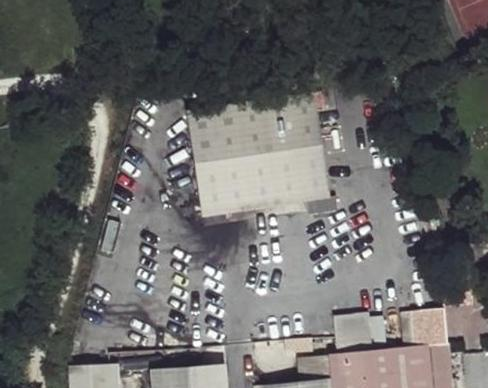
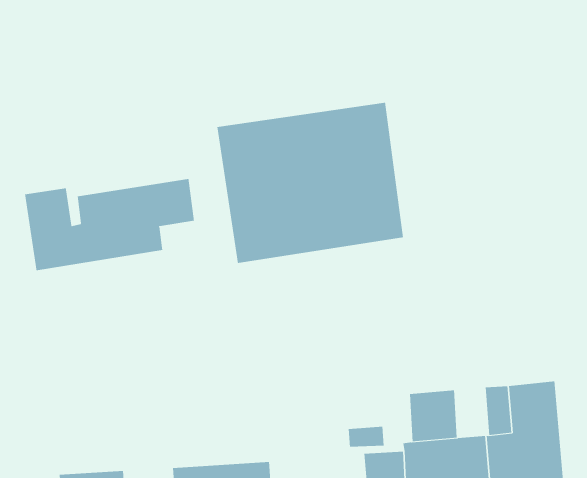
building: none -> [24,178,195,271]

